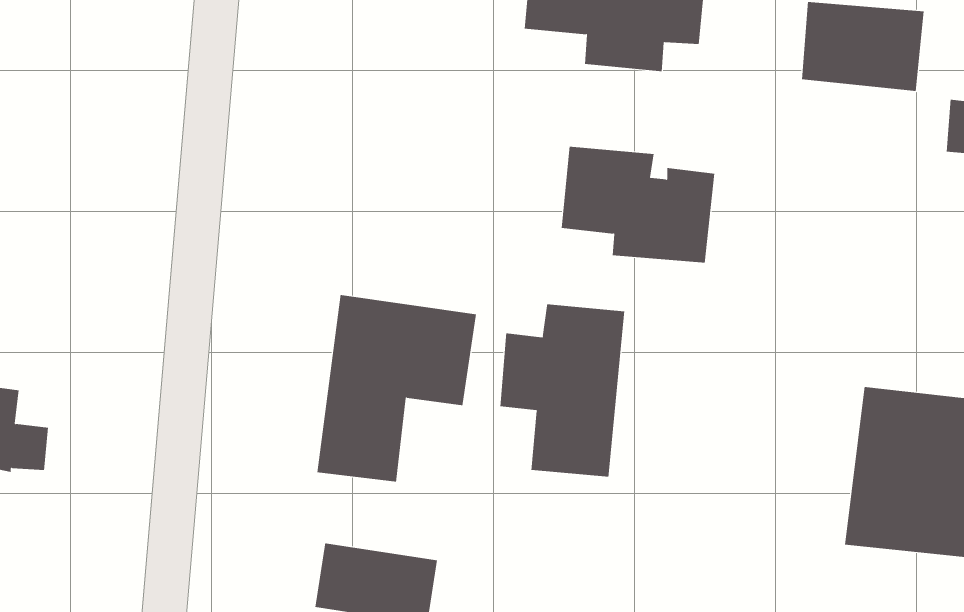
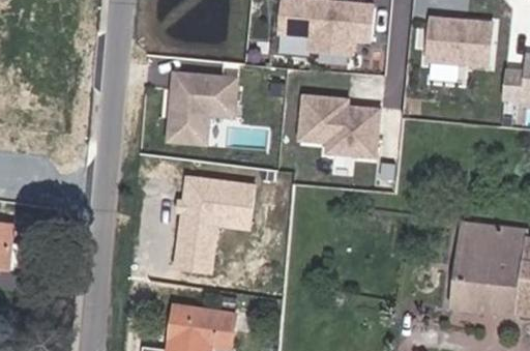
building: none -> [167,71,237,144]
building: [500,304,625,477] -> none

